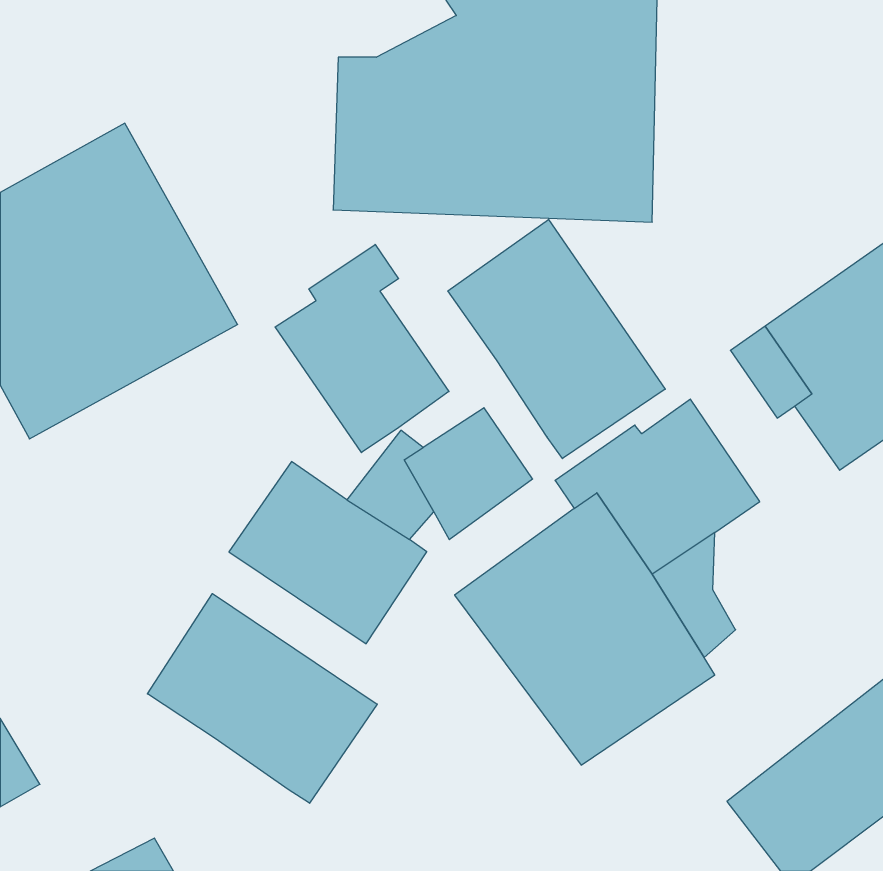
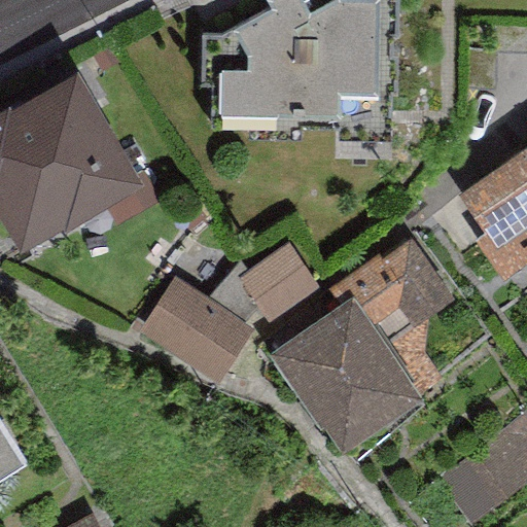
building: [448,219,665,459] -> none
building: [275,244,449,453] -> none
building: [147,594,377,803] -> none

